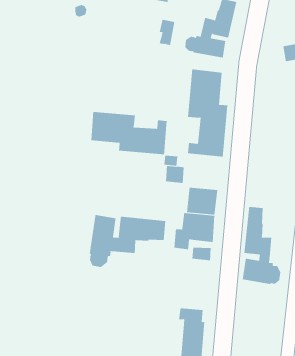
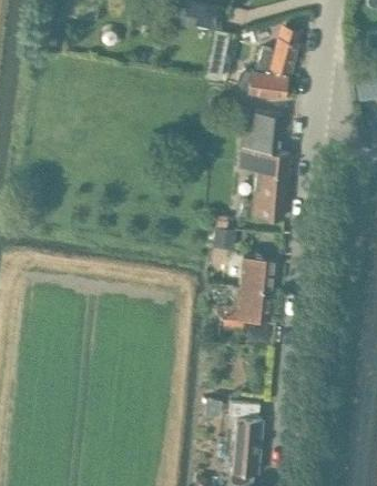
building: [91,111,167,155] -> none
building: [242,206,281,285] -> none
building: [89,214,166,268] -> none

